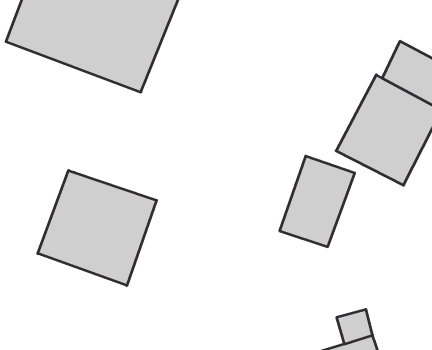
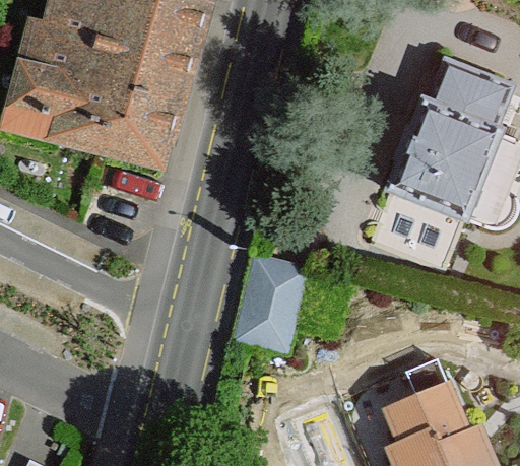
building: [280,156,355,247] -> [233,257,309,354]
building: [38,170,157,286] -> none

